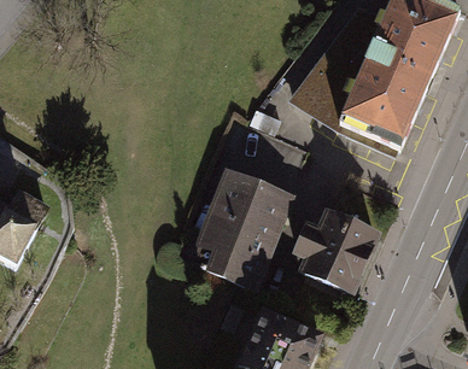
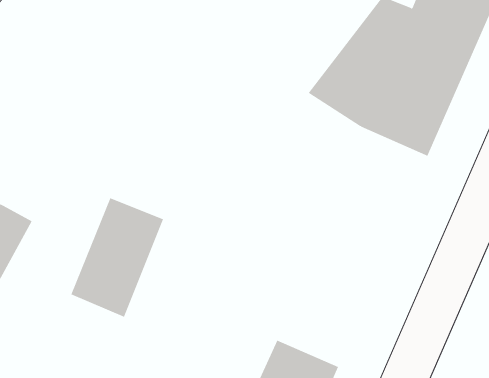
building: [198,176,281,283] -> [71,197,164,318]
building: [296,216,374,292] -> none

